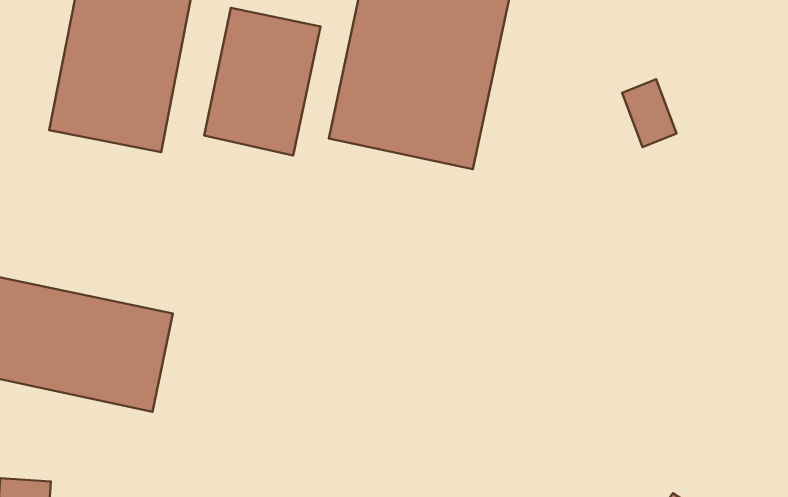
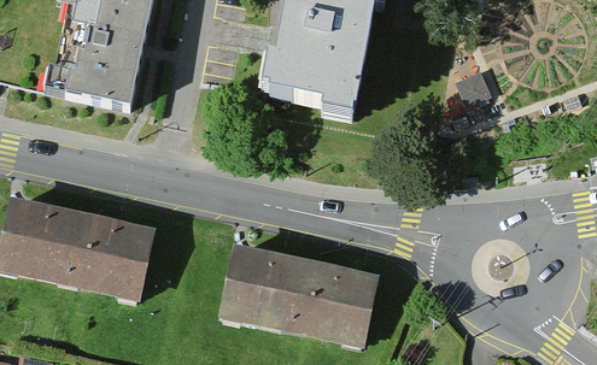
building: [204,8,320,155] -> none
building: none -> [204,246,370,345]

